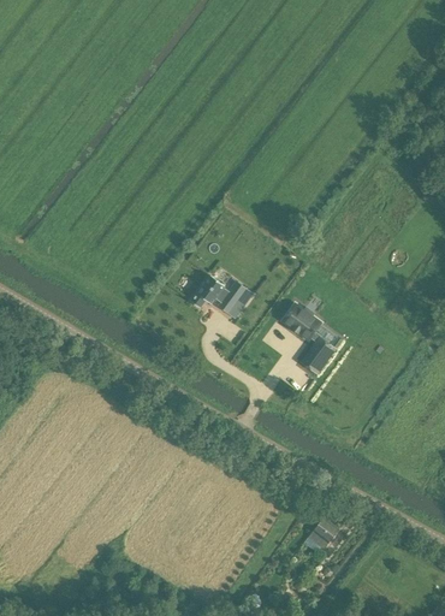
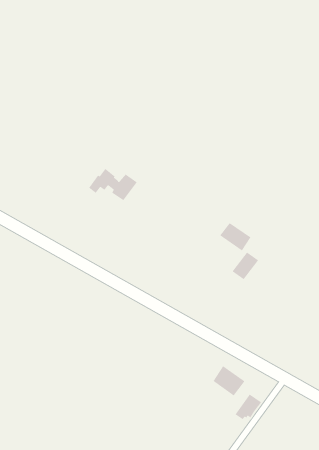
building: [191,277,254,319] -> [88,168,138,201]
building: none -> [212,365,245,397]

